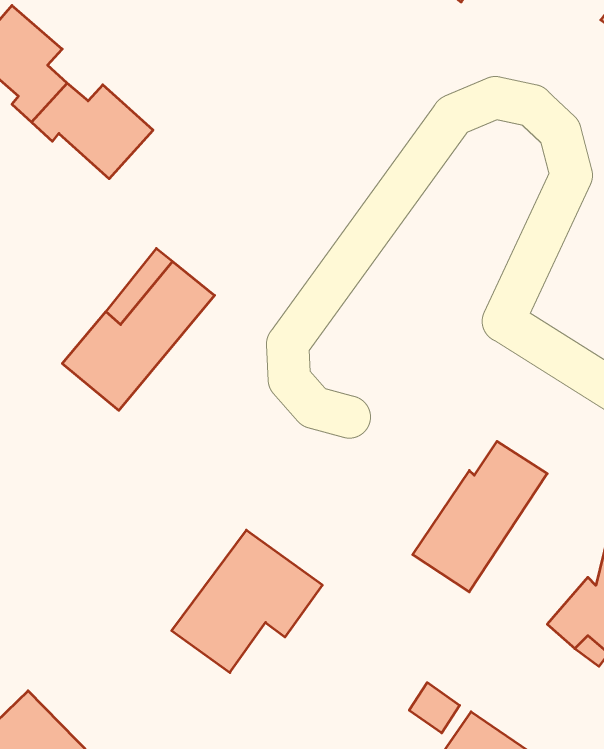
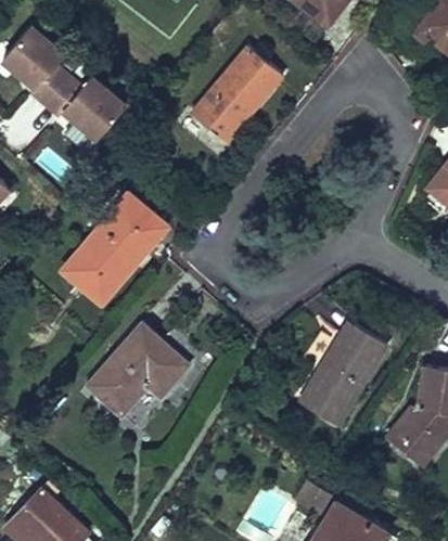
building: none -> [193,47,284,142]
building: [172,530,322,673] -> [88,320,189,415]

